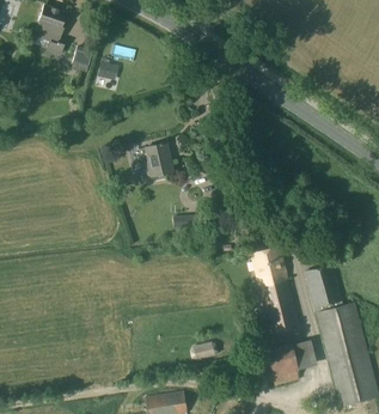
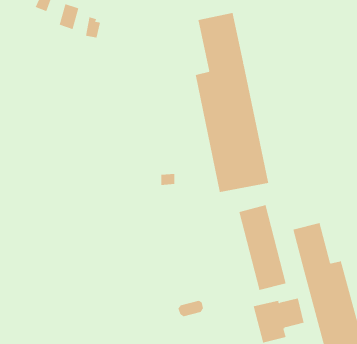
building: none -> [195,12,269,193]
building: [145,142,172,177] -> none

